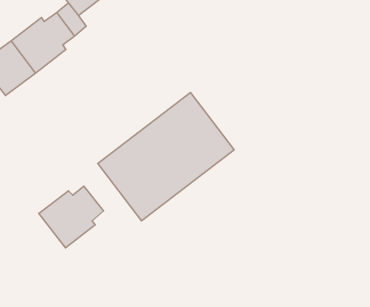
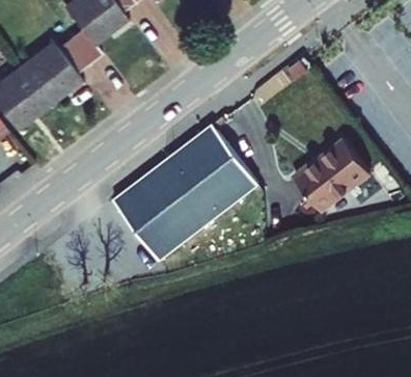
building: none -> [296,139,371,211]
building: [39,186,104,248] -> none

